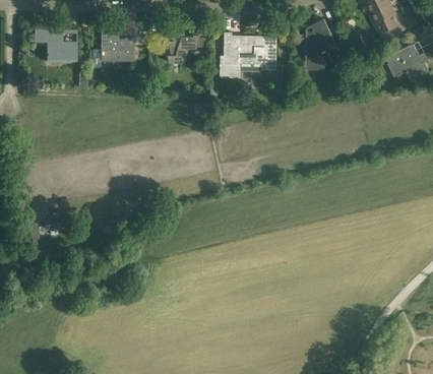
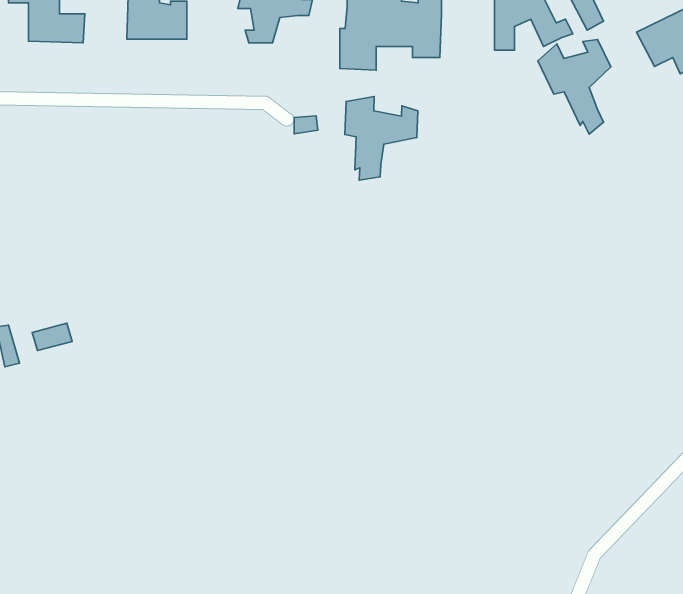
building: none -> [538,40,611,134]
building: none -> [345,97,418,180]

